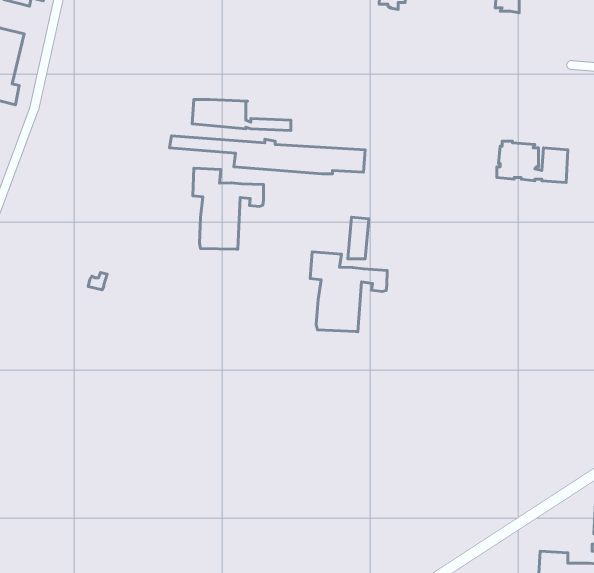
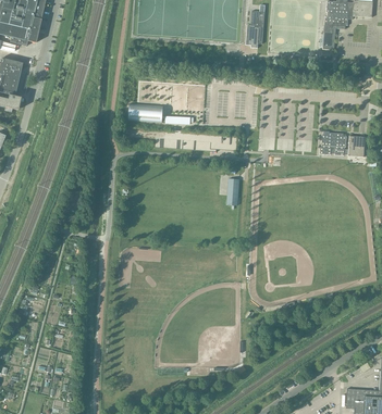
building: [193,168,264,249] -> none
building: [310,252,387,332] -> none

